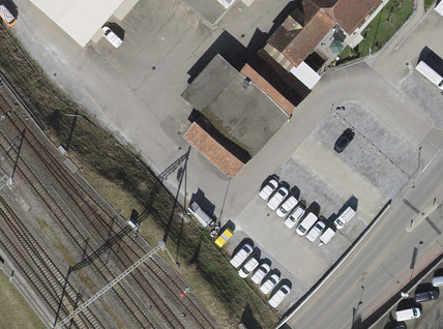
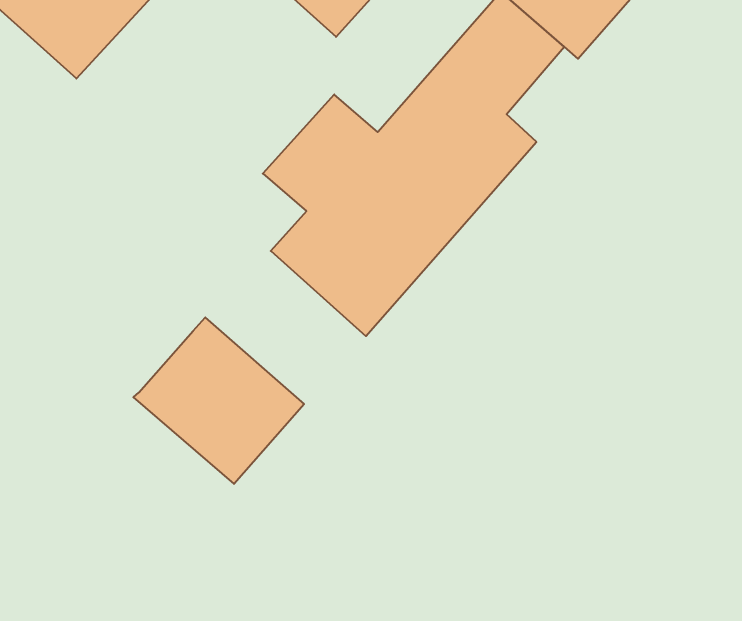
building: none -> [133,317,304,484]

